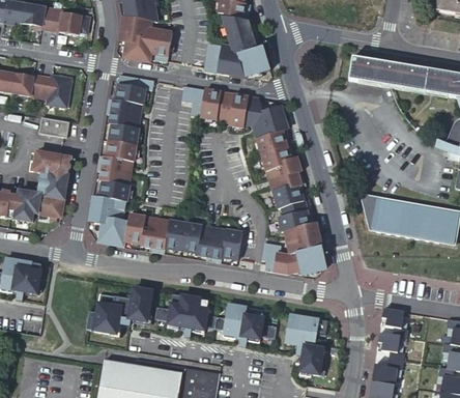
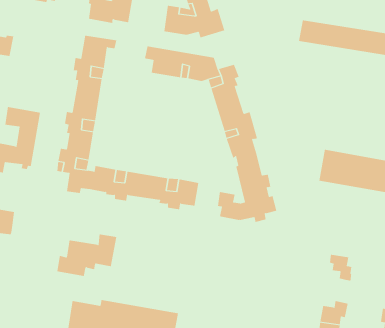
building: [38,74,73,106] -> none
building: [37,115,69,136] -> none
building: [156,293,277,340] -> none
building: [285,313,327,373] -> none
building: [377,333,403,362] -> none

